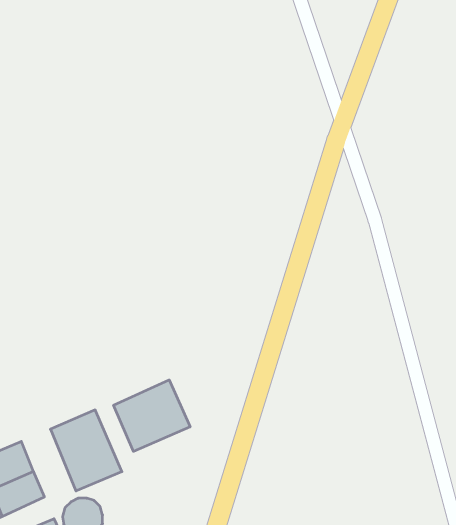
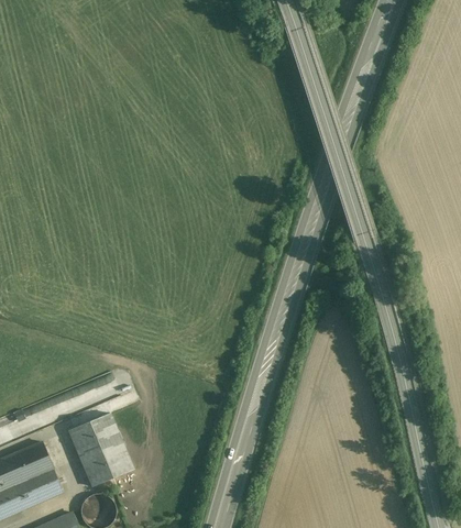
building: [114,380,190,451] -> none

